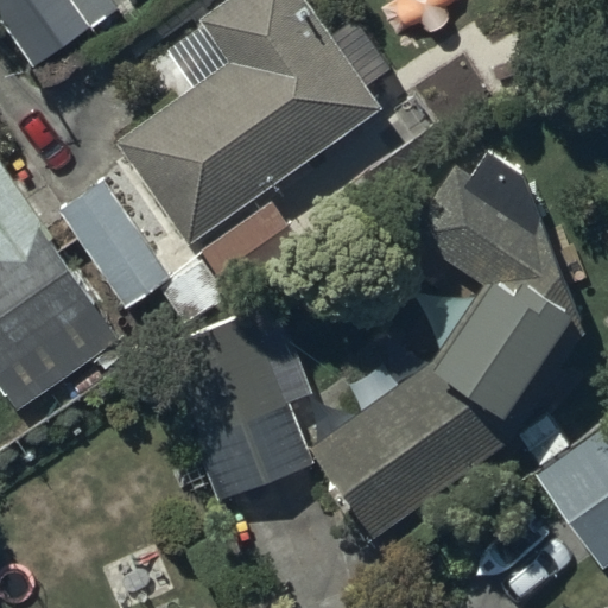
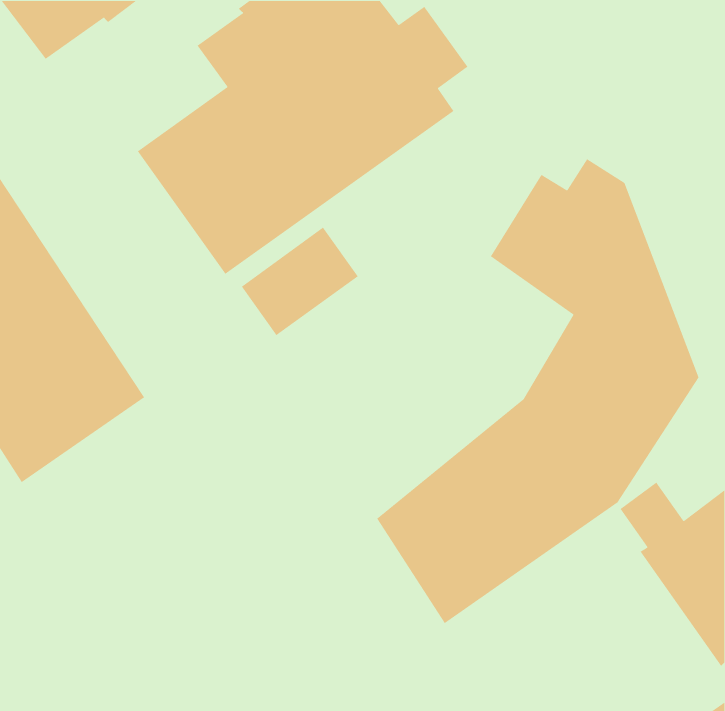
building: [58,179,172,310] -> none
building: [165,321,314,507] -> none

